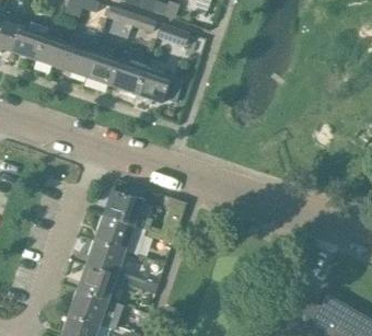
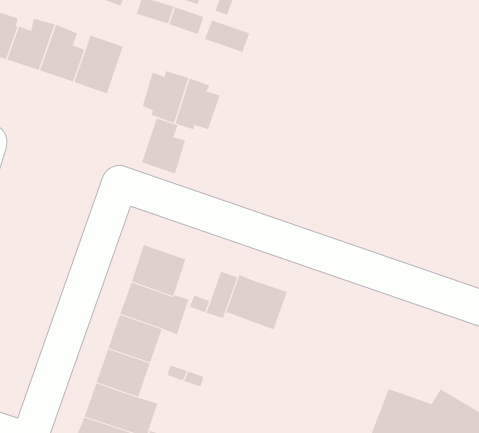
building: [85,45,118,86] -> [141,118,186,174]
building: none -> [226,274,287,330]

